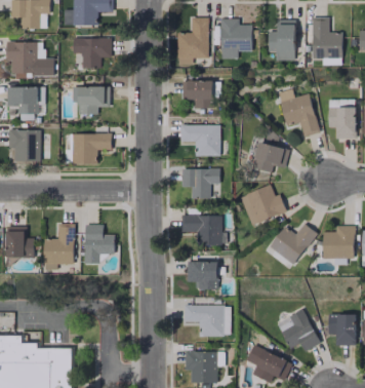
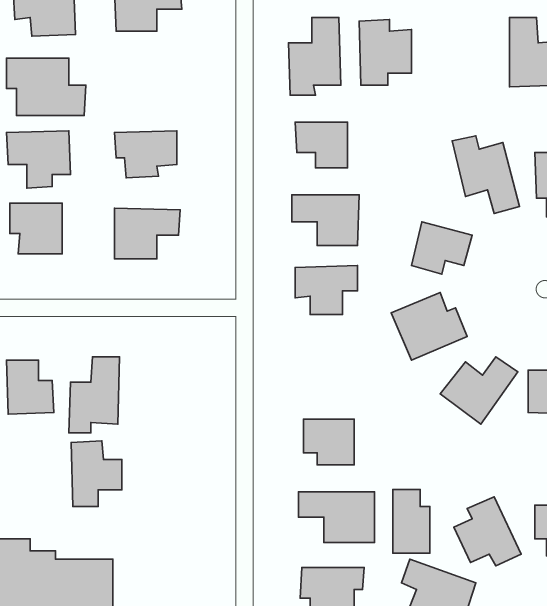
building: [268,21,295,61] -> none
building: [73,38,111,68] -> none
building: [180,215,227,245] -> none
building: [84,224,115,264] -> [71,441,122,507]
building: none -> [393,489,430,553]

